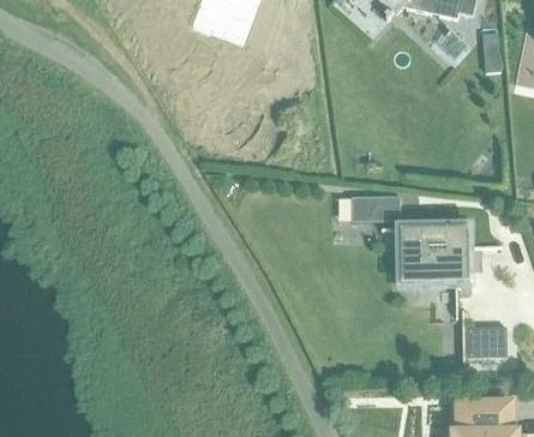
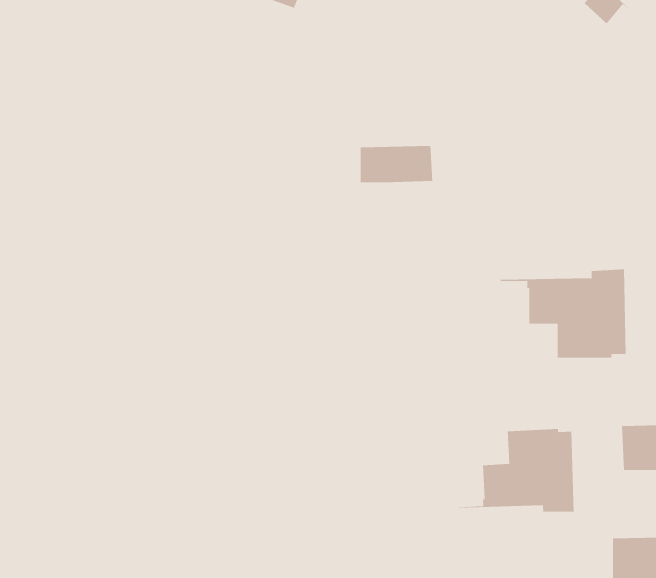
building: [350,197,400,222] -> [360,146,433,183]
building: none -> [458,428,574,513]

